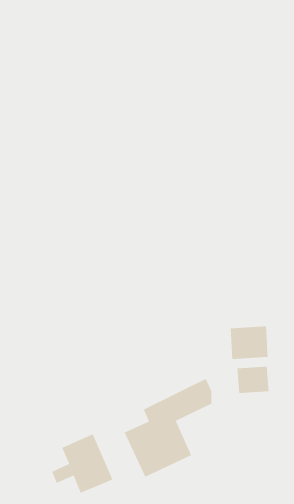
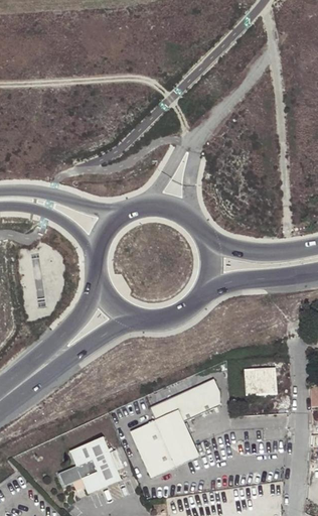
building: [230,326,269,360] -> none

